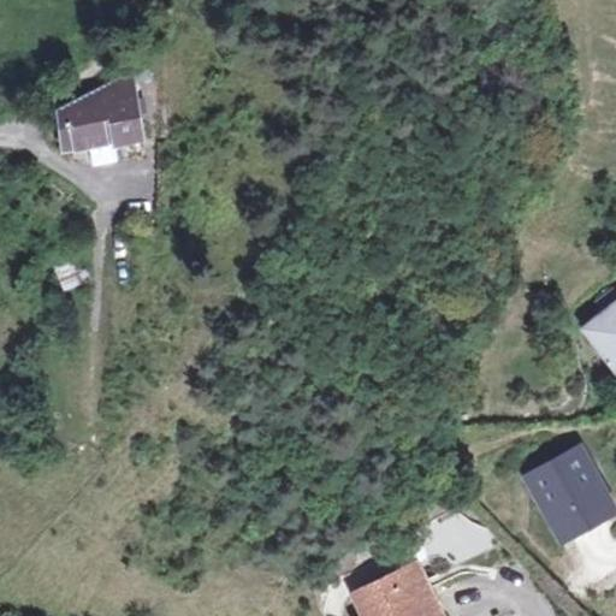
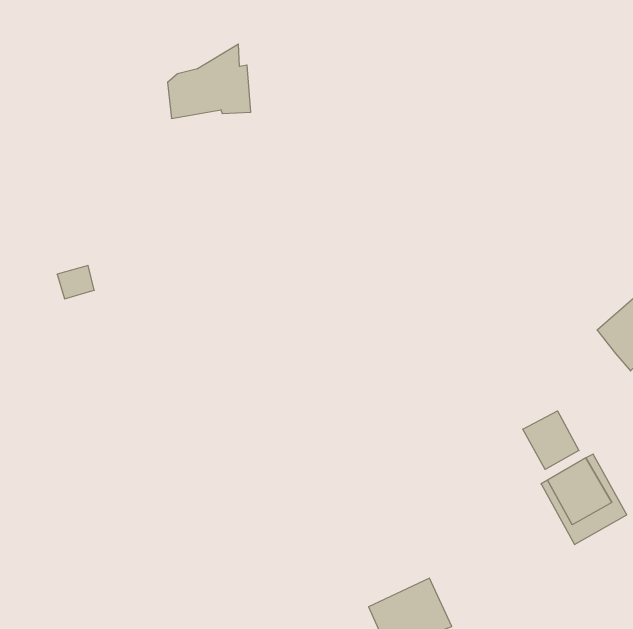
building: [58,78,138,150] -> [168,44,251,118]
building: none -> [523,411,579,469]

